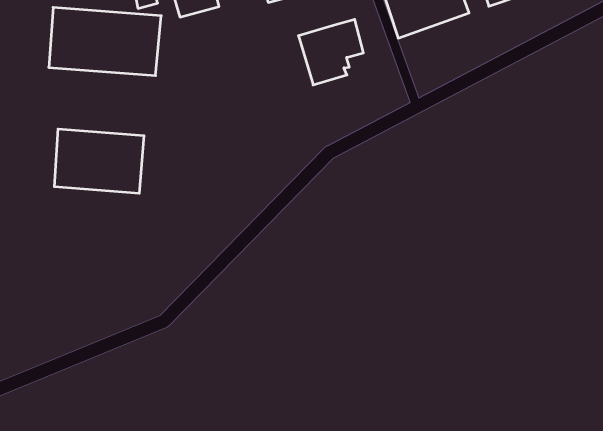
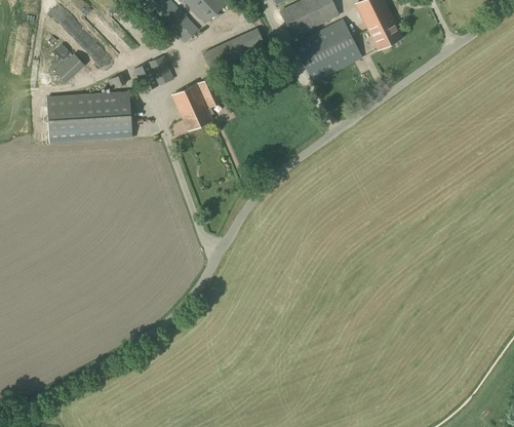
building: [298,19,363,85] -> [171,76,223,130]
building: [54,129,144,193] -> none

